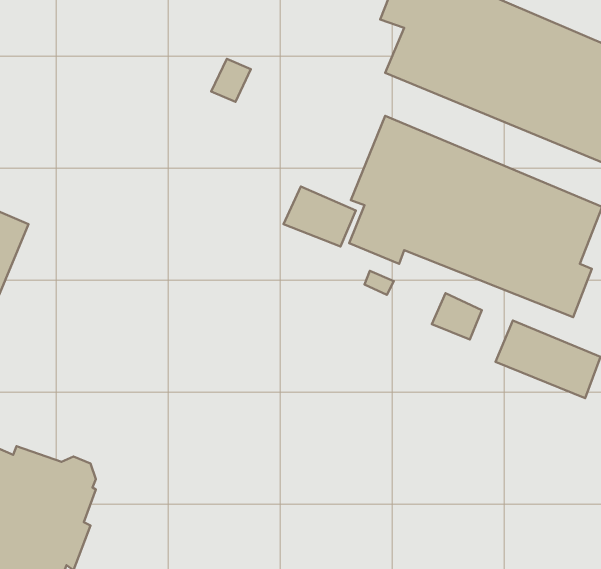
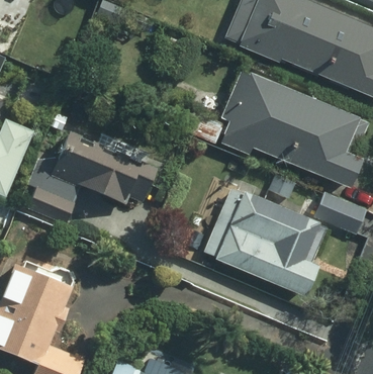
building: none -> [23,131,156,221]
building: none -> [204,188,328,297]

